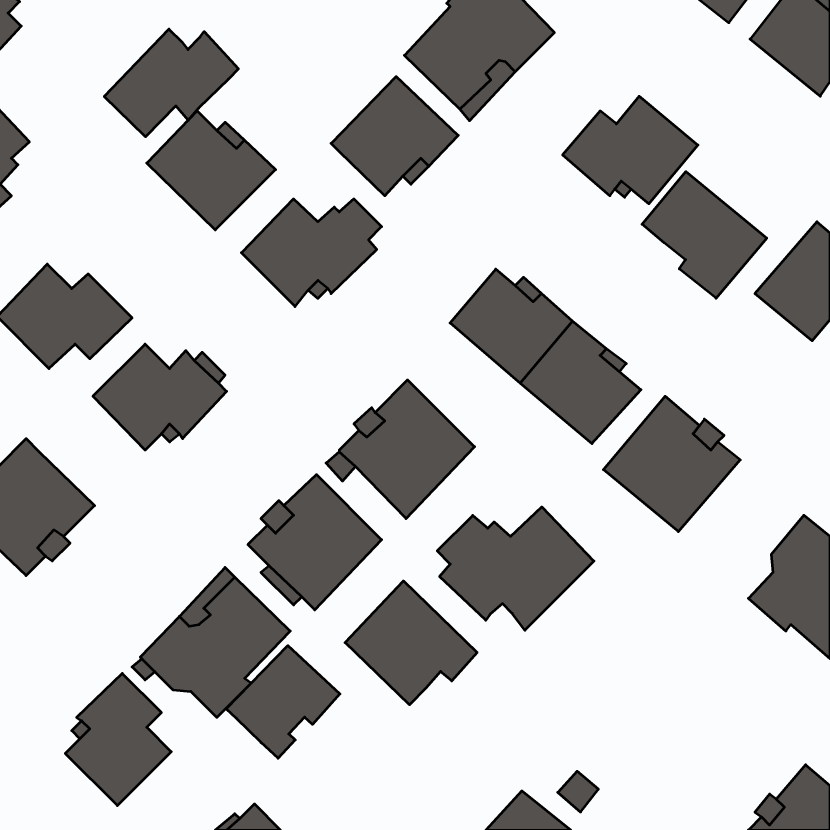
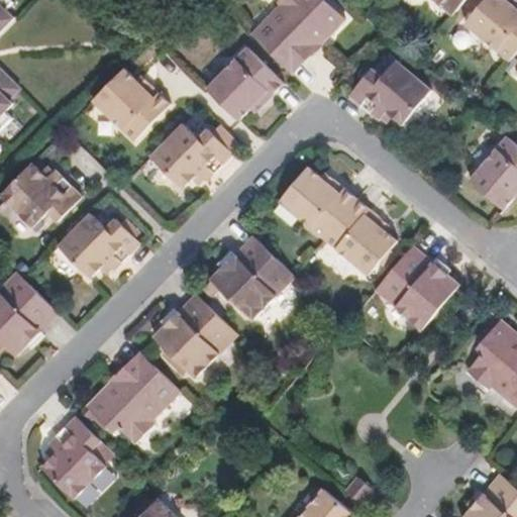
building: [104,29,238,137] -> none
building: [642,172,767,298] -> none
building: [437,507,594,630] -> none
building: [345,581,477,705] -> none
building: [226,646,340,758] -> none

